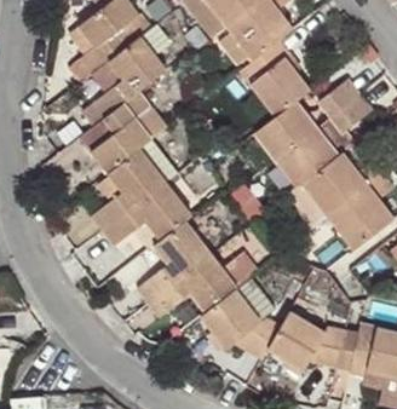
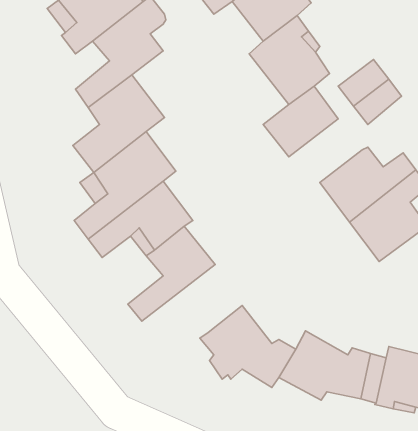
building: [275,129,338,190] -> none
building: [149,252,259,318] -> none

